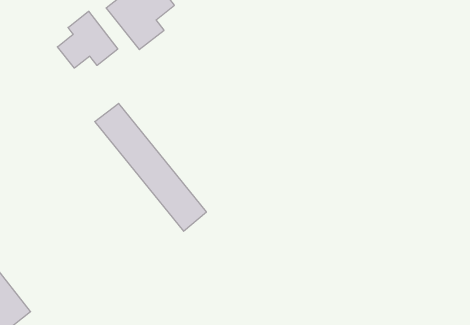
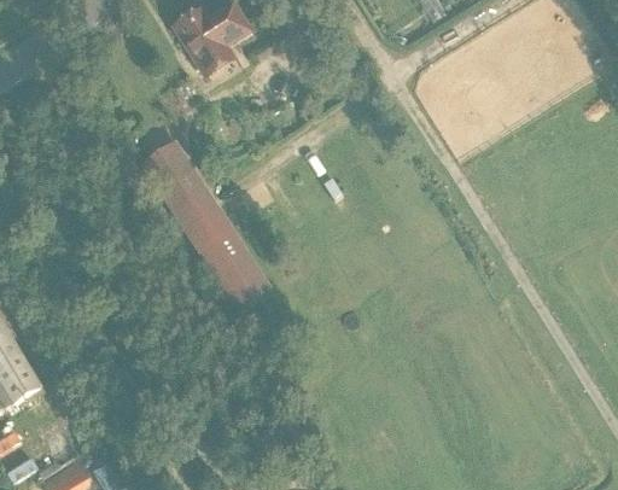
building: [57,11,118,68] -> none

